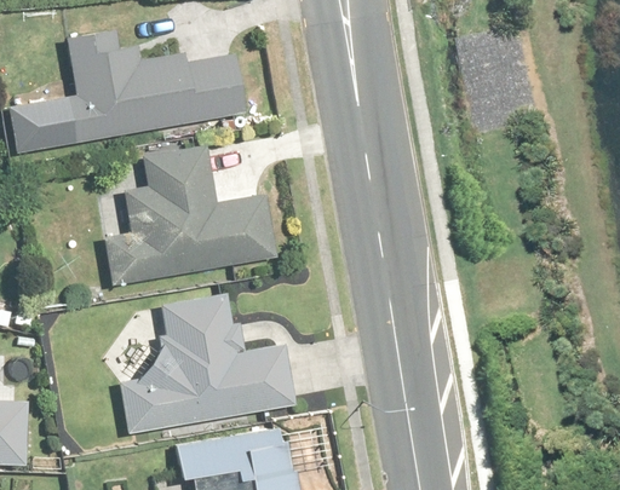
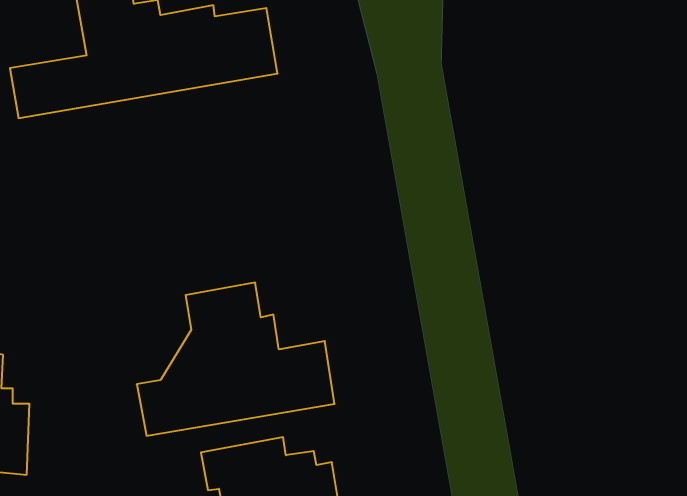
building: [108,148,274,284] -> none

